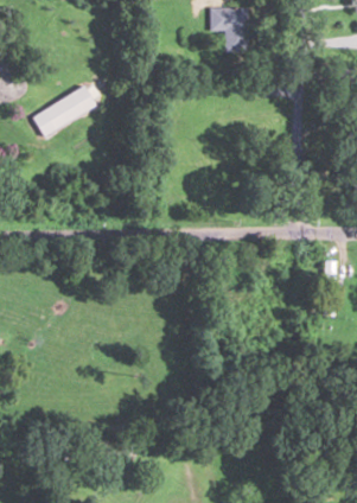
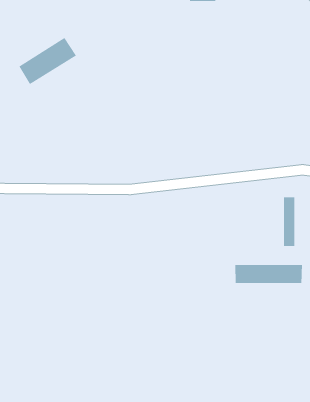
building: none -> [235,264,302,284]

